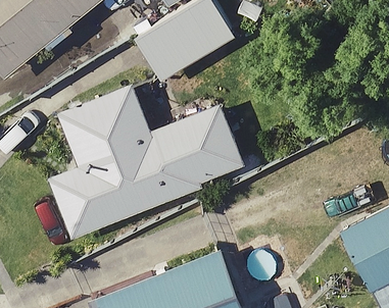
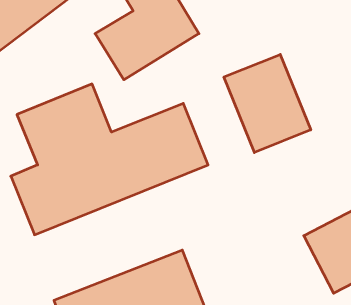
building: none -> [224,54,311,153]

